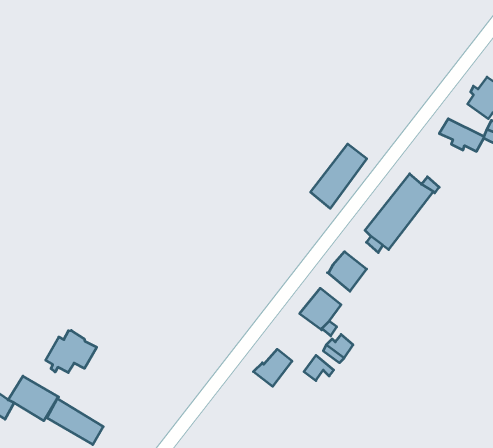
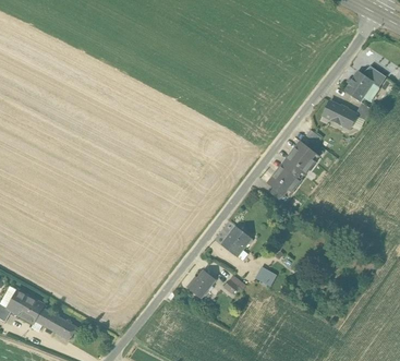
building: [311,144,367,208] -> none
building: [327,252,367,291] -> none
building: [46,330,97,373] -> none

